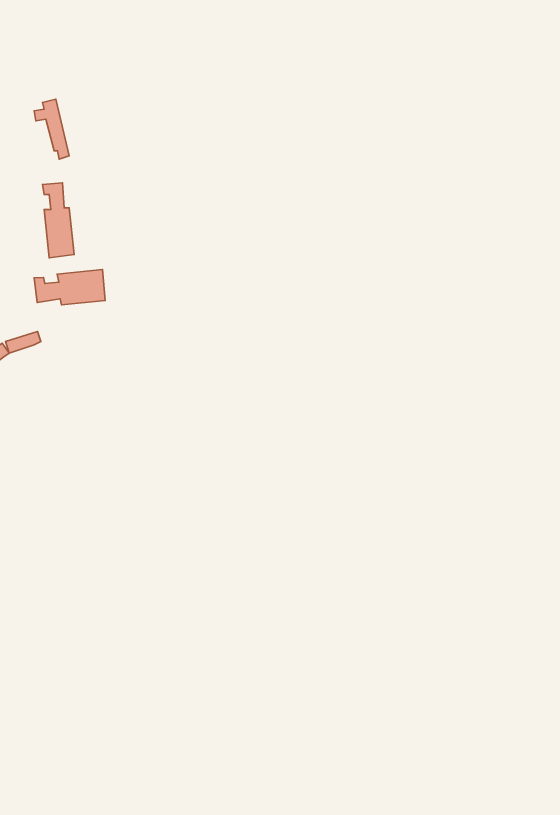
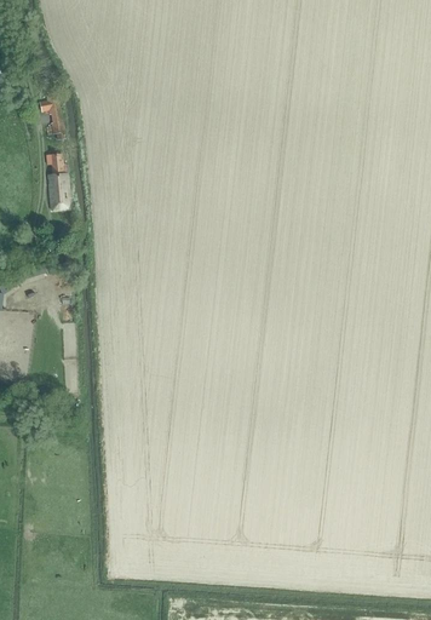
building: [34,269,105,305] -> none

